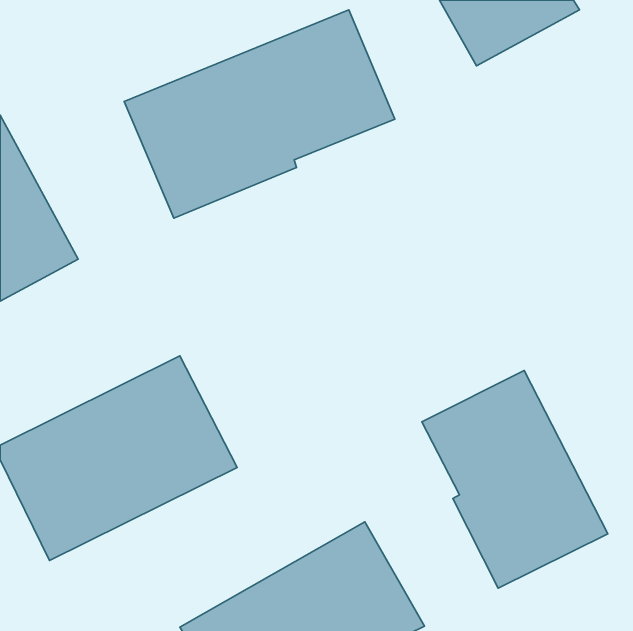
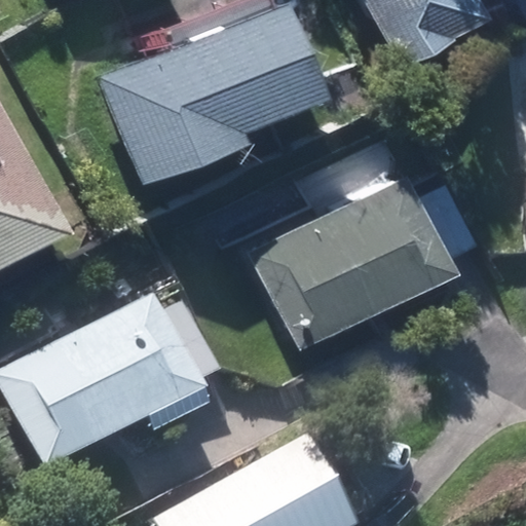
building: none -> [249,171,449,339]
building: [422,371,608,588] -> none

